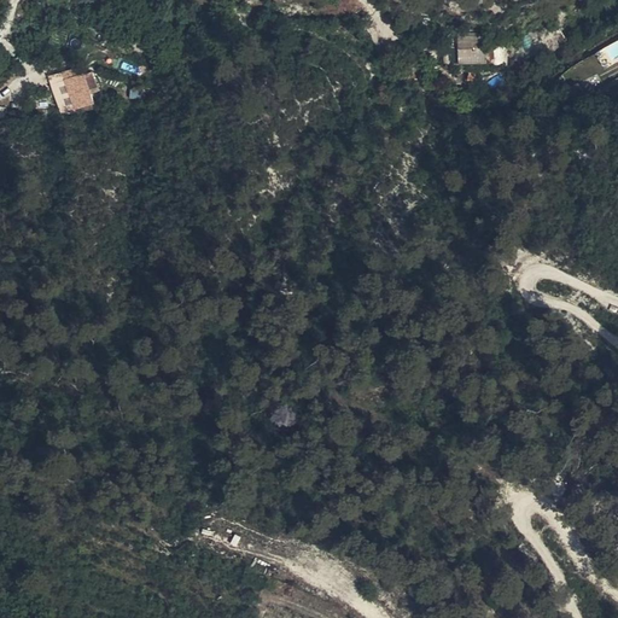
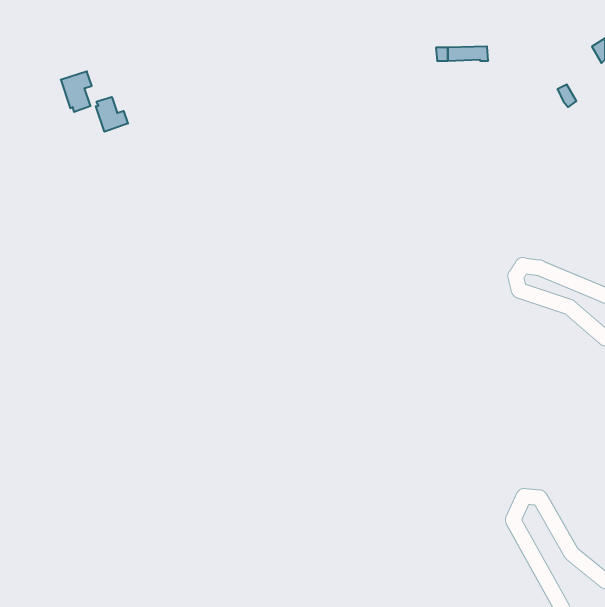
building: none -> [96,97,128,132]

